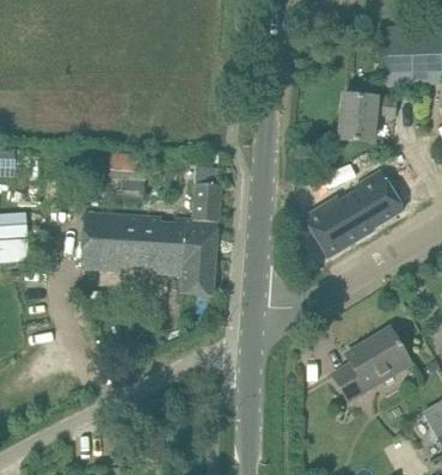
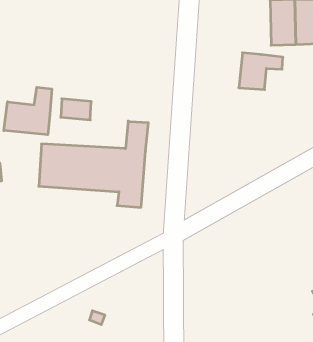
building: none -> [4,87,52,135]
building: [306,165,409,252] -> none
building: [331,328,411,401] -> none

